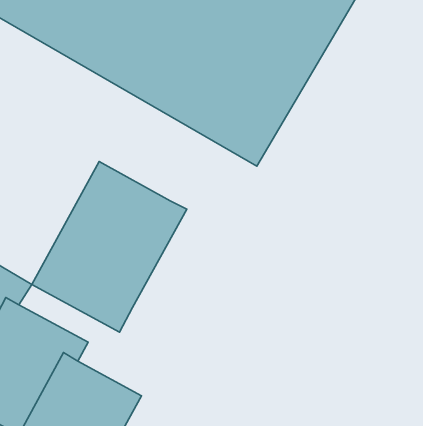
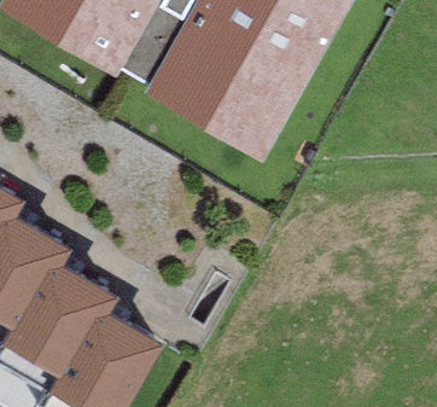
building: [32,162,187,332] -> none

